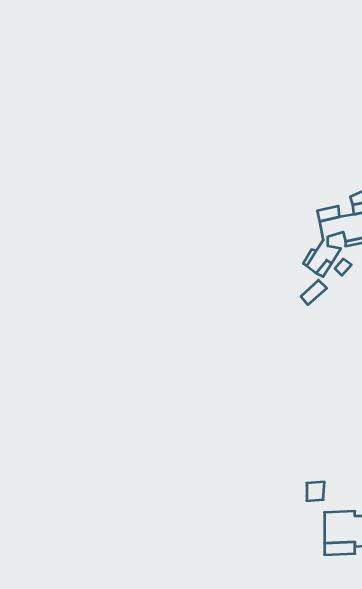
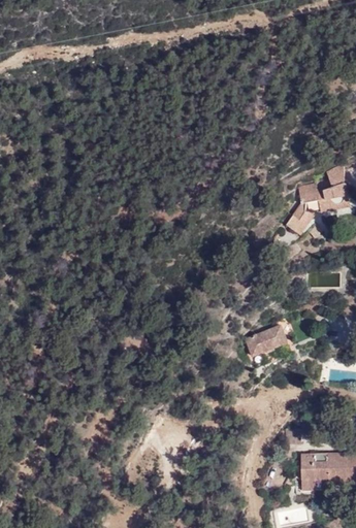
building: none -> [247,320,288,353]

